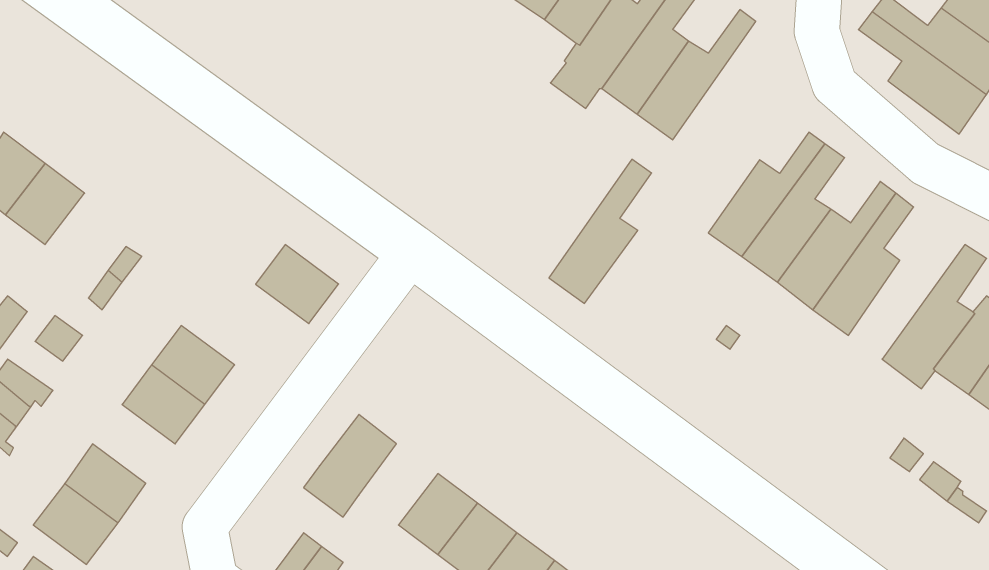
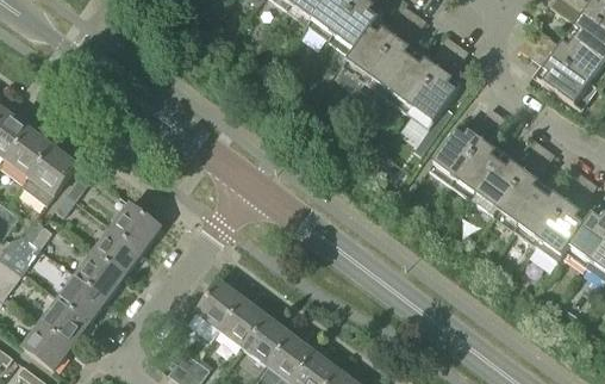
building: [549,159,652,303] -> [407,42,469,129]
building: none -> [21,145,77,205]
building: none -> [513,169,584,246]
building: [256,245,339,324] -> [111,202,161,249]
building: none -> [57,273,107,321]
building: none -> [218,297,266,346]

